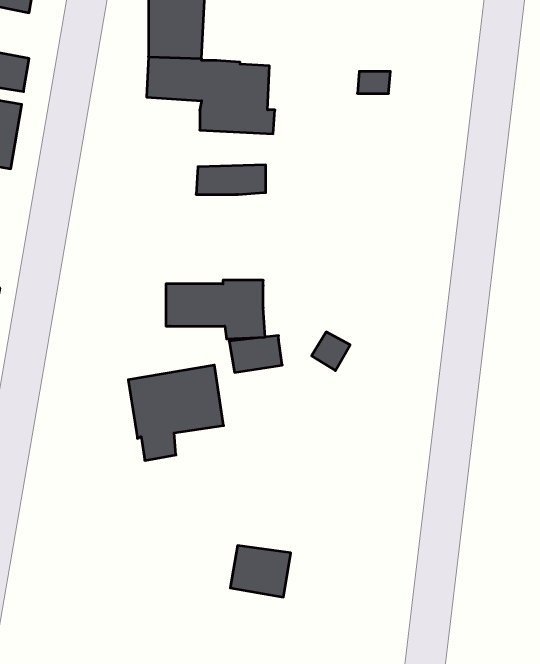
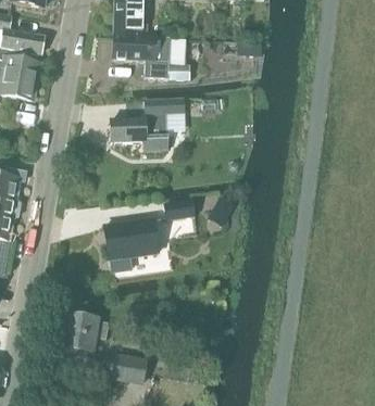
building: [166,280,265,339] -> [109,116,167,151]
building: none -> [61,315,108,354]
building: [230,546,291,597] -> [111,355,147,385]

